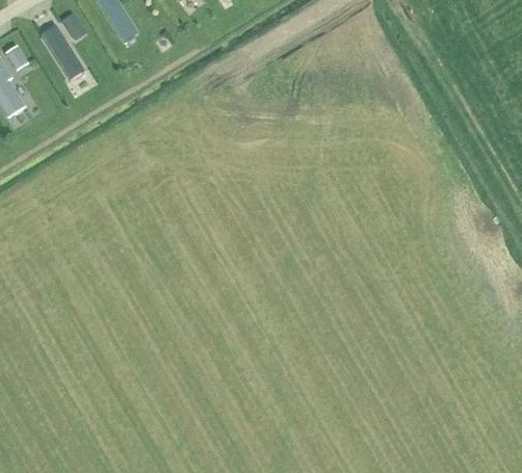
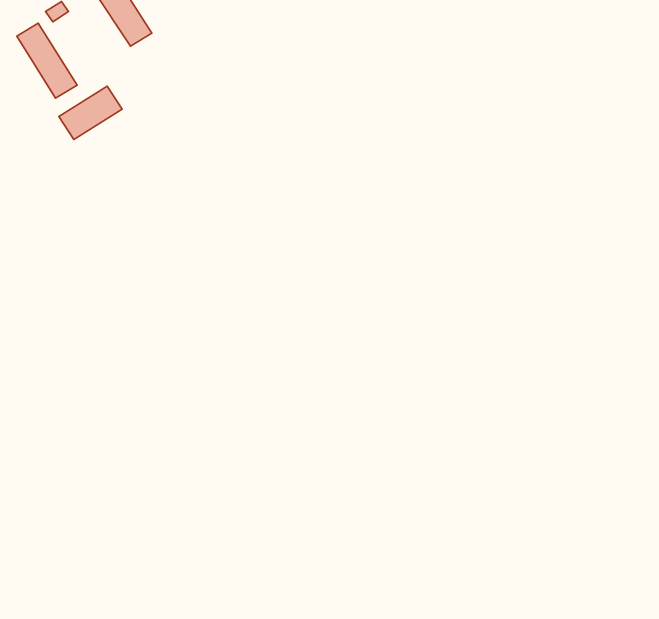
building: none -> [59,86,122,140]

